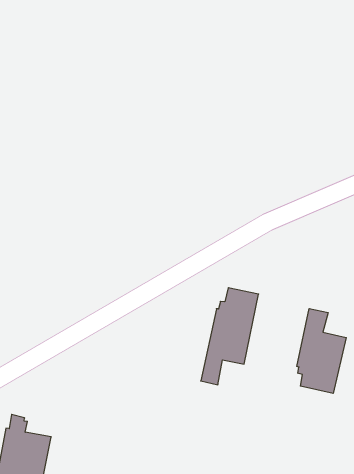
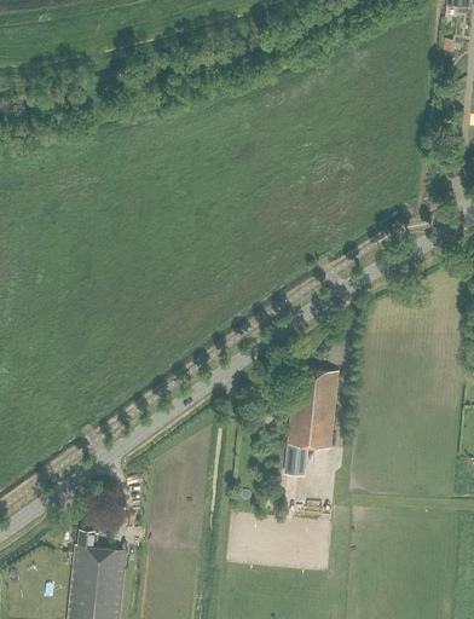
building: [297,309,346,393] -> none

